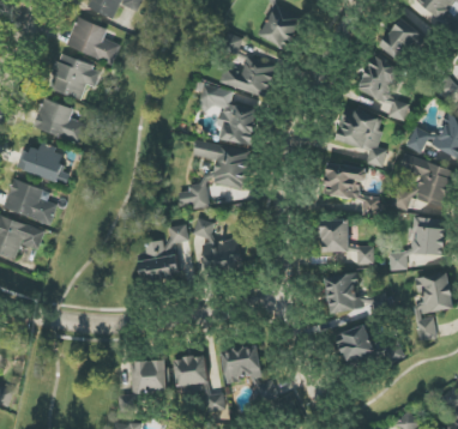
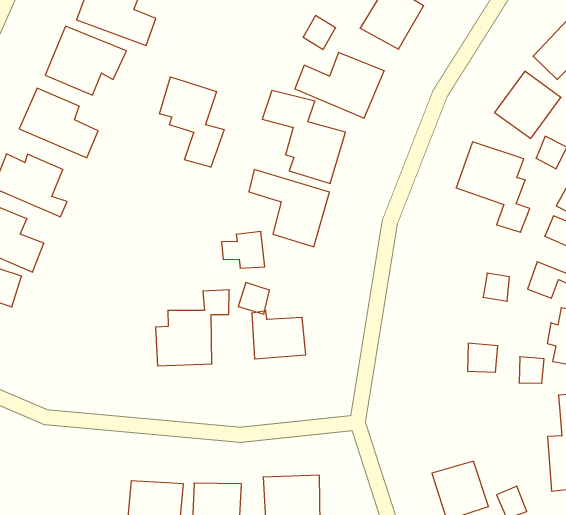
building: none -> [159,77,224,167]
building: [323,164,366,199] -> none
building: [320,220,348,253] -> none
building: [324,273,385,315] -> none

